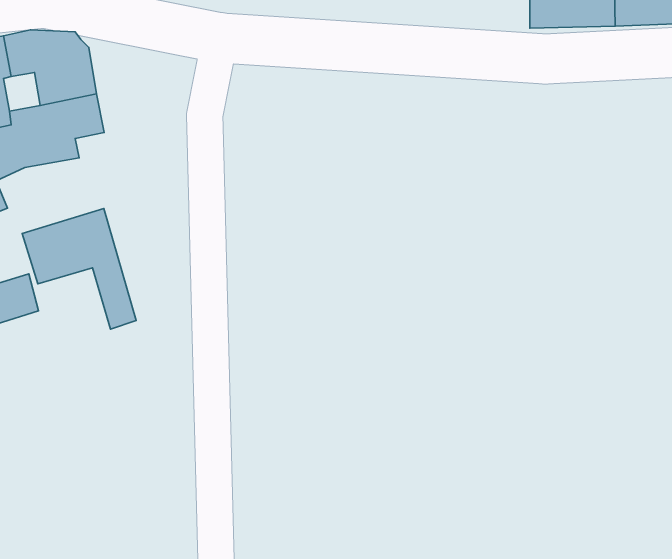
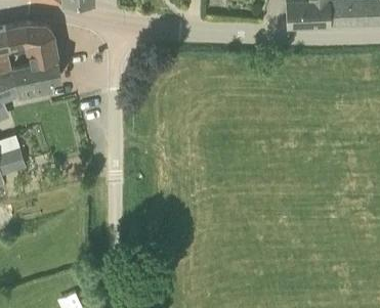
building: [22,209,136,329] -> none

